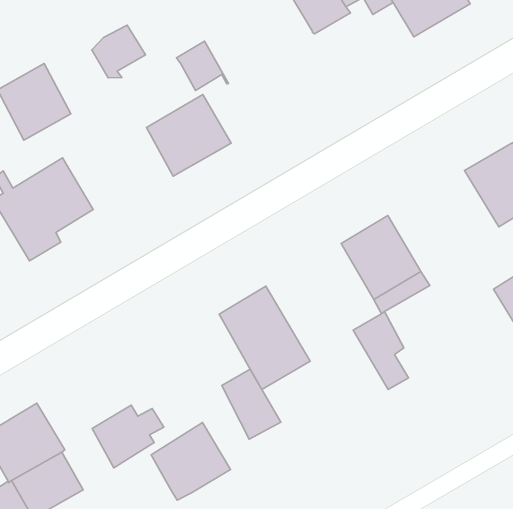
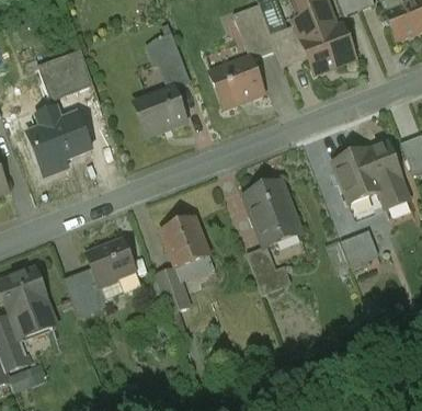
building: [92,25,145,78] -> [146,32,180,65]
building: none -> [210,57,263,106]
building: [151,423,230,500] -> [87,239,136,286]

